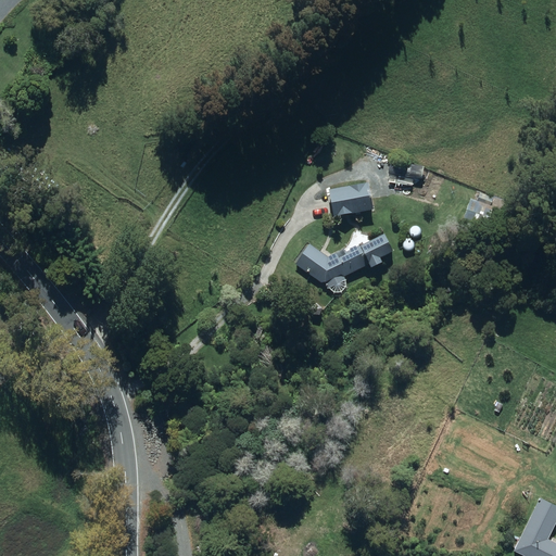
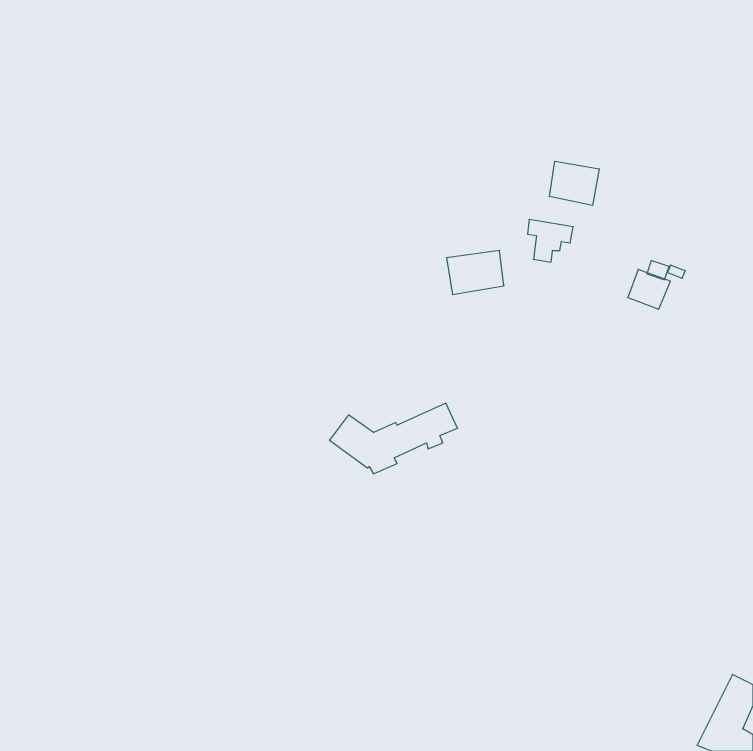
building: none -> [549,161,599,205]
building: [296,236,391,288] -> [329,403,458,474]

